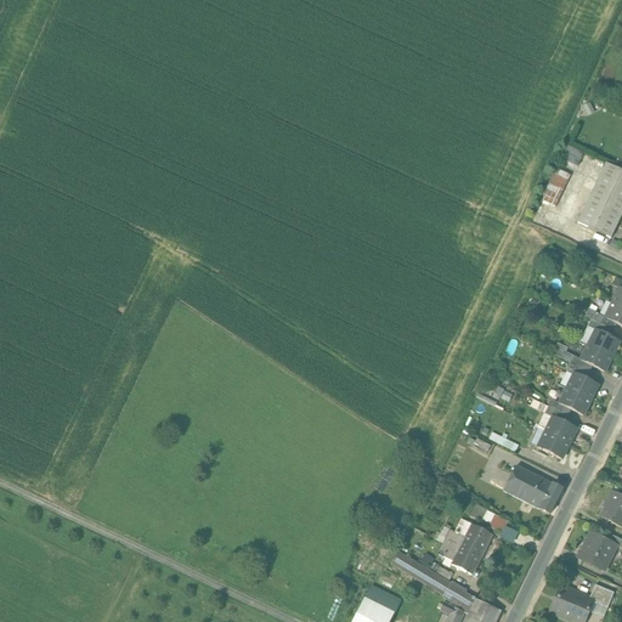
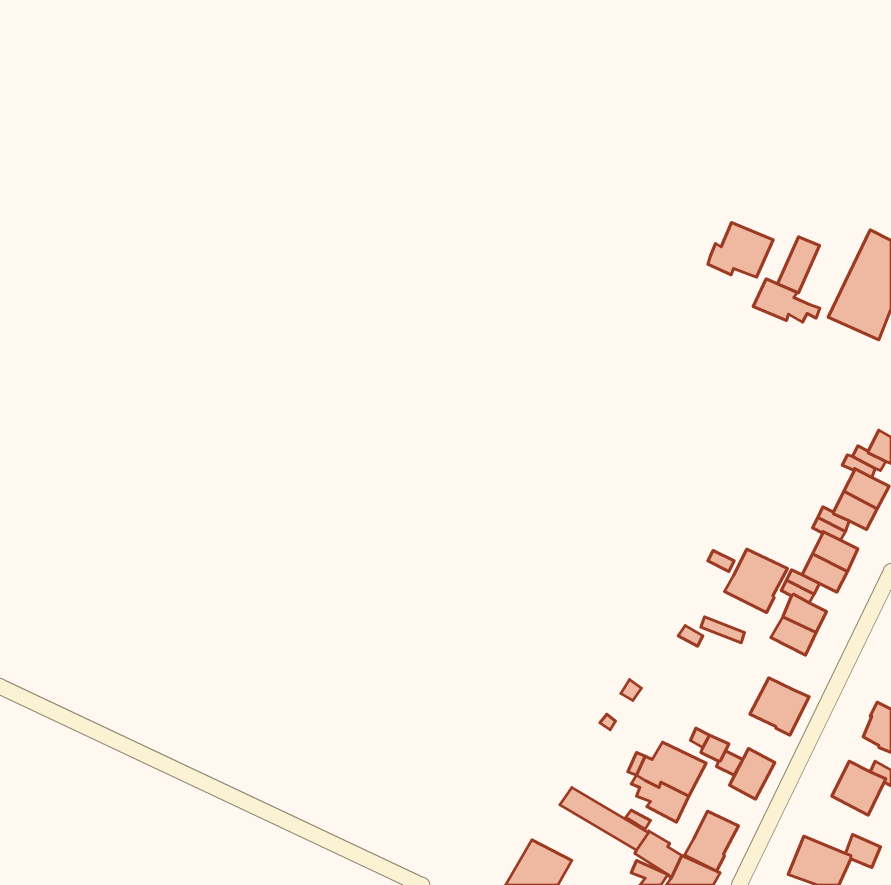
building: none -> [708,223,773,277]
building: none -> [753,279,820,322]
building: none -> [725,549,788,612]
building: [504,463,536,498] -> [729,749,775,799]
building: none -> [685,811,739,871]

